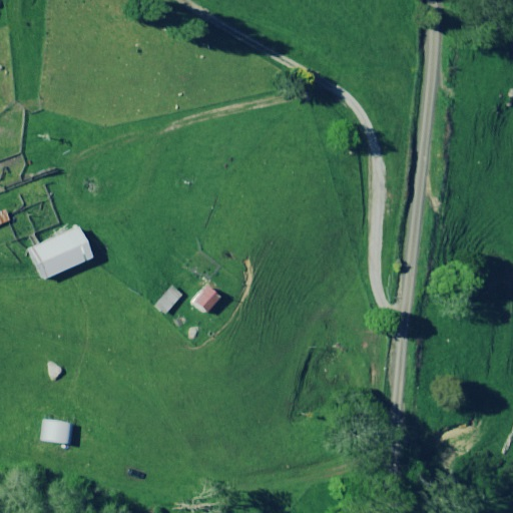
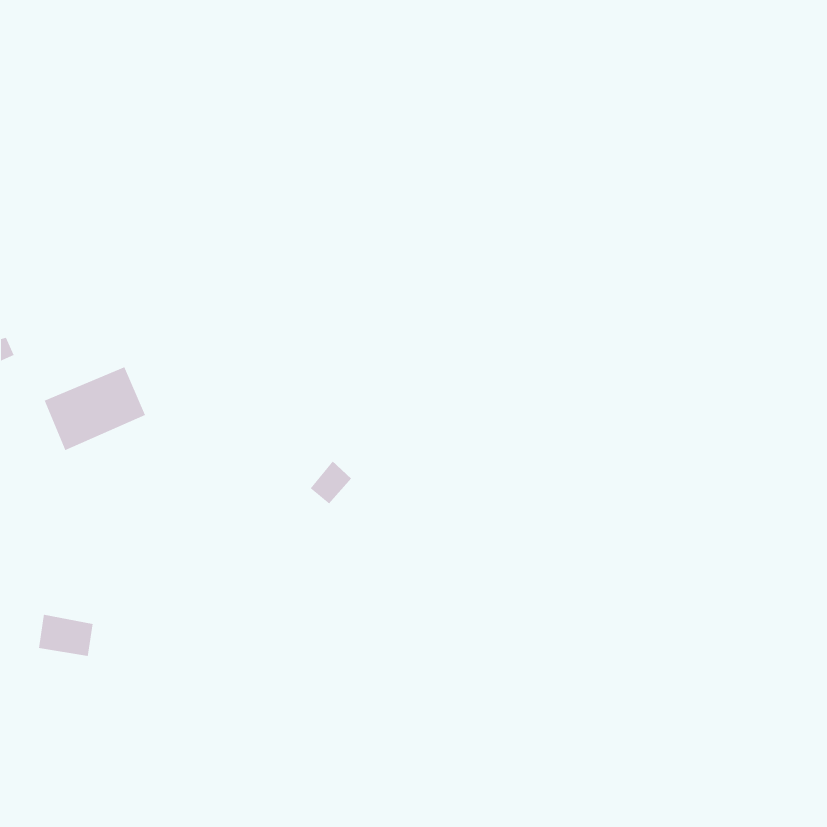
building: [155,286,182,314] -> none
building: [43,419,77,445] -> [38,614,93,656]

